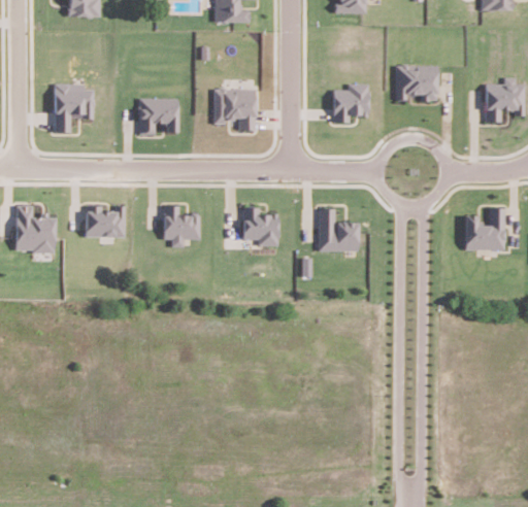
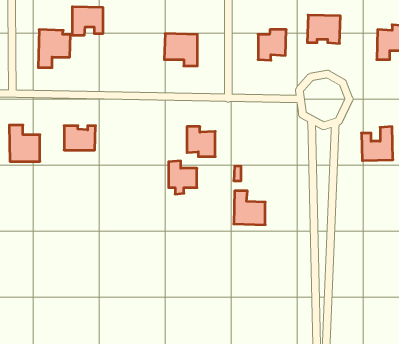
building: [138,97,177,133] -> [72,7,103,35]
building: [163,204,199,246] -> [169,161,197,194]
building: [317,207,357,250] -> [234,191,265,225]

